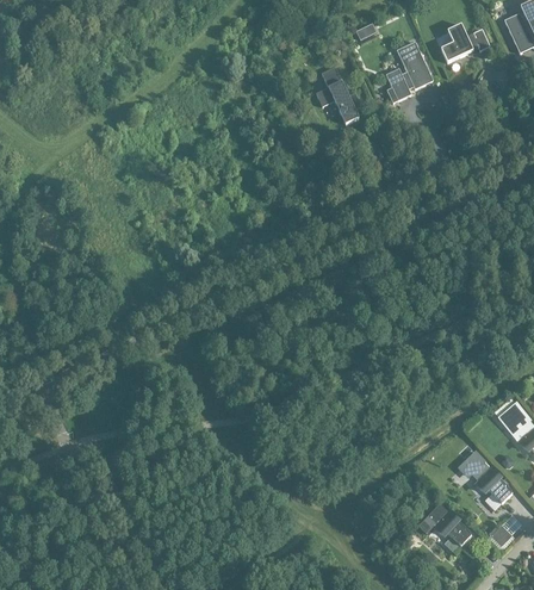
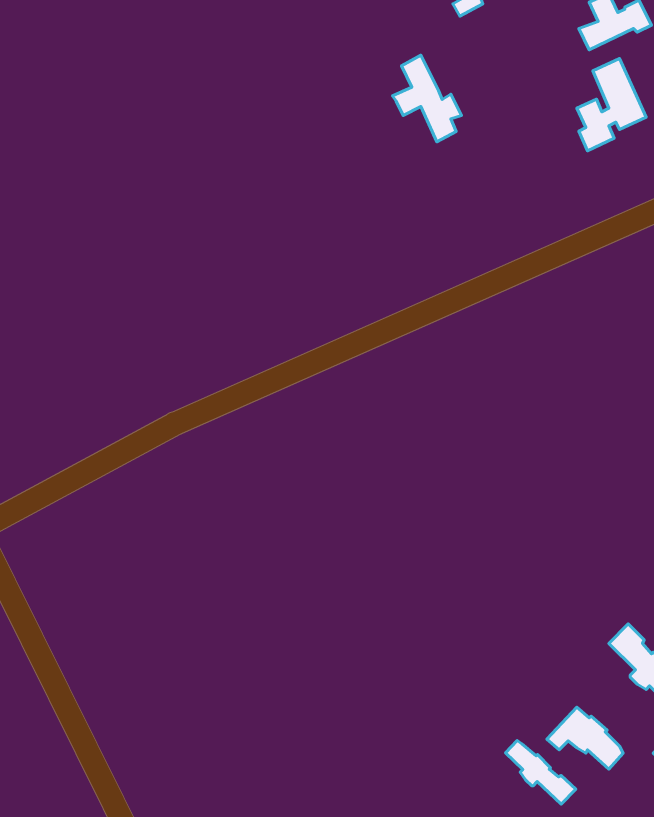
building: [385,41,431,103] -> [577,59,646,151]
building: none -> [505,741,576,804]

